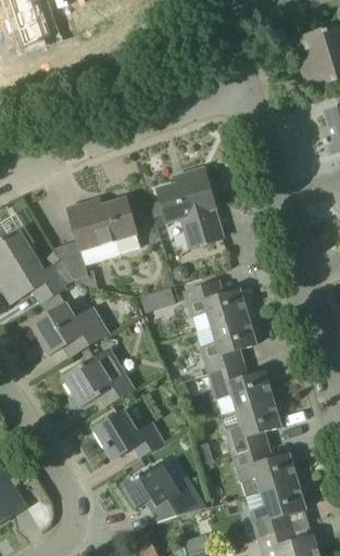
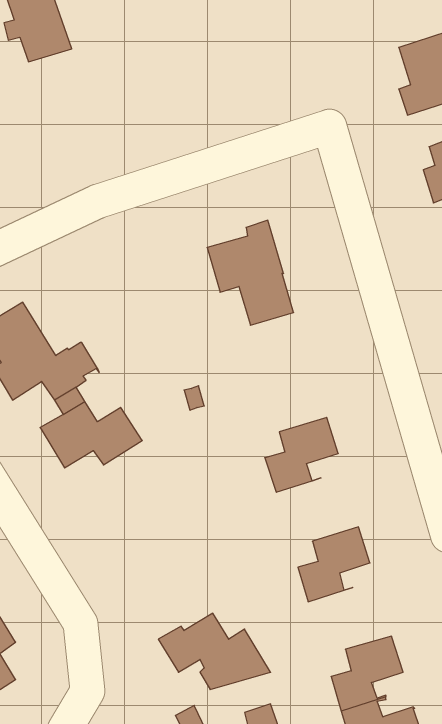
building: [54,198,140,279] -> none
building: [185,279,248,327] -> none
building: [63,349,134,406] -> none
building: [210,362,272,409] -> none
building: [96,412,163,458] -> none
building: [234,444,297,491] -> none

